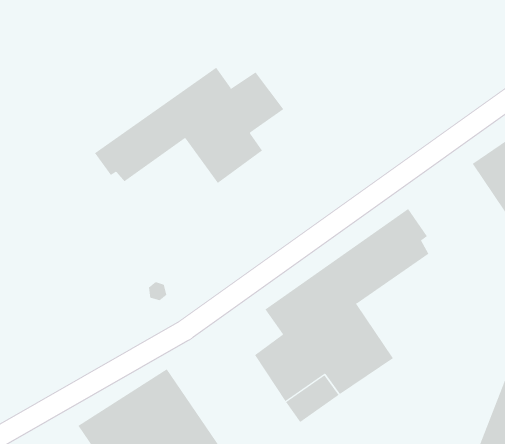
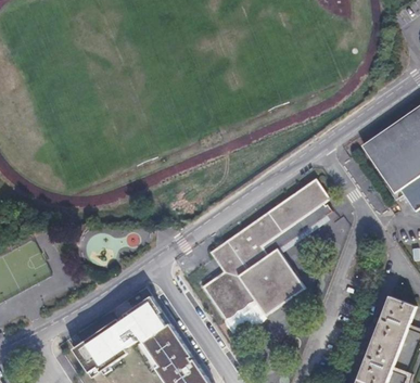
building: [94,67,284,184] -> none

